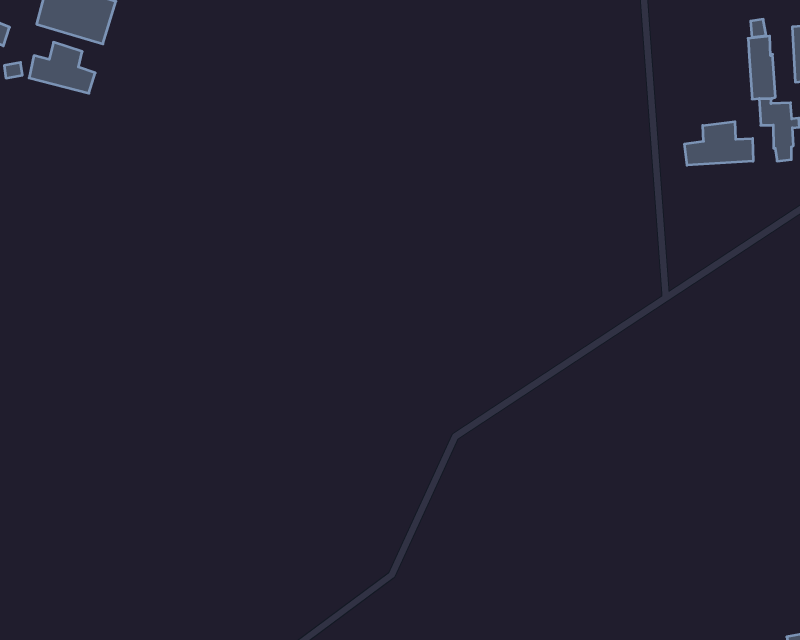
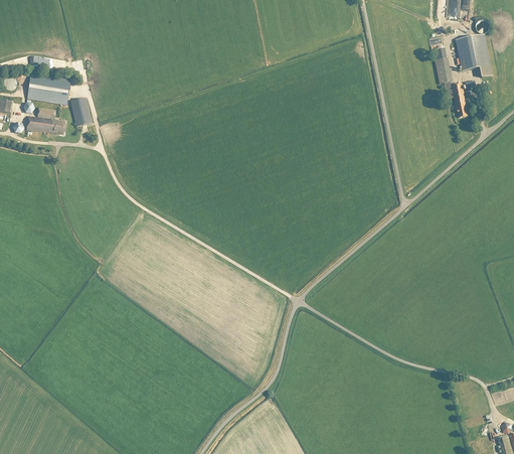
building: none -> [70,98,92,126]
building: [685,122,753,165] -> none

